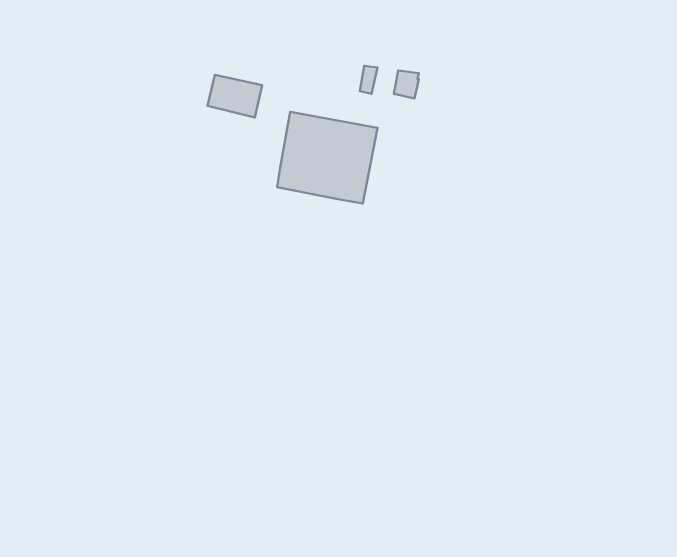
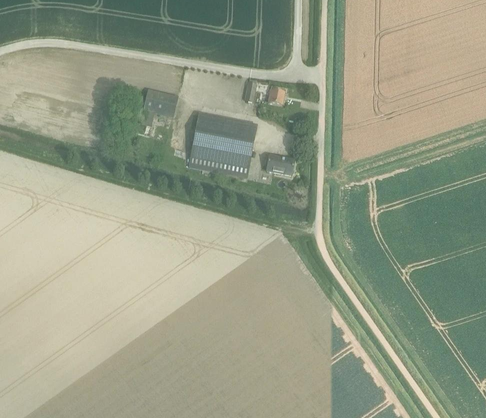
building: none -> [266,153,295,173]

